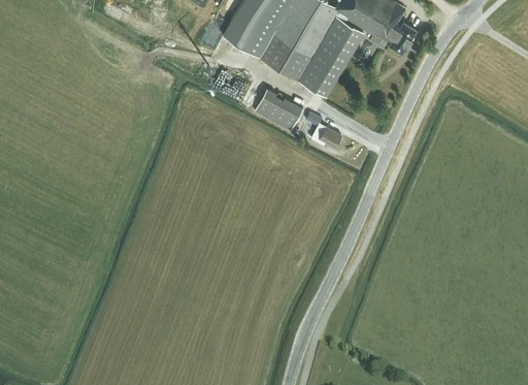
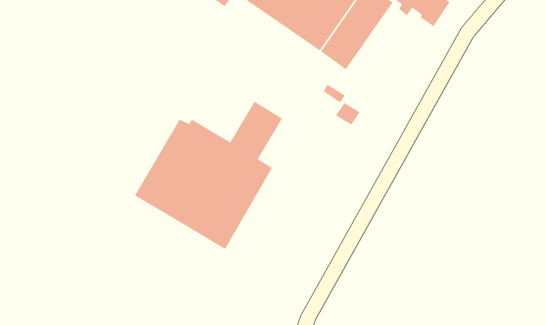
building: [256,87,304,129] -> none
building: none -> [134,101,283,250]

